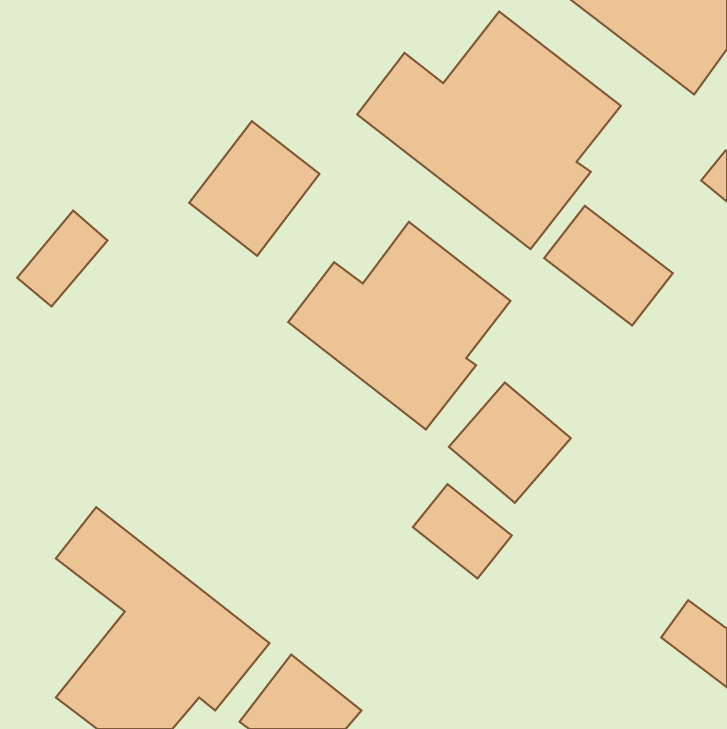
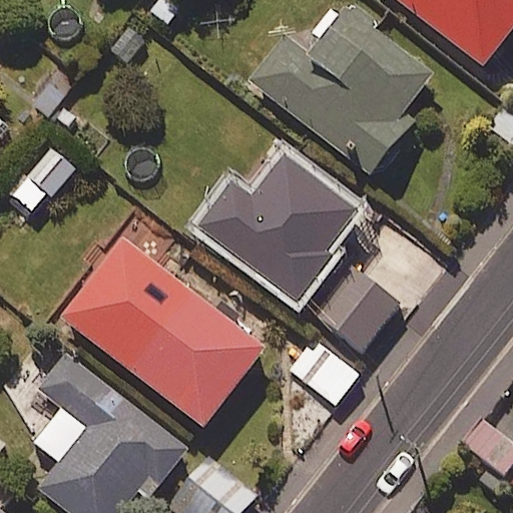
building: [189,121,320,256] -> none
building: [544,206,673,325] -> none
building: none -> [60,236,265,427]

